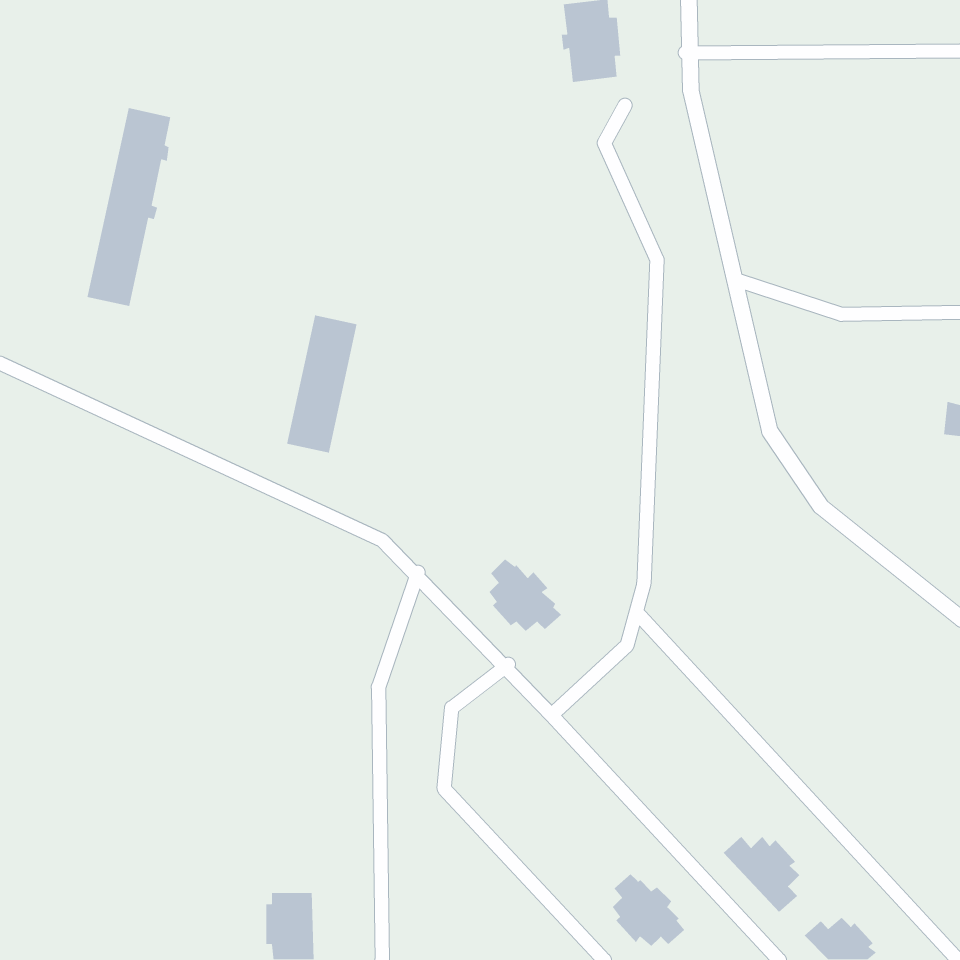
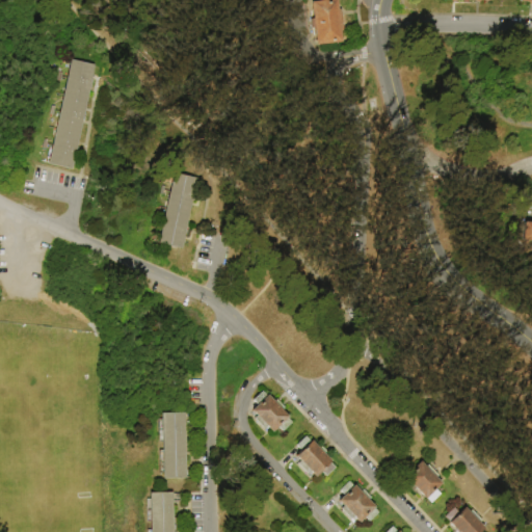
building: [488,558,562,632] -> [252,392,293,432]
building: none -> [159,413,187,479]
building: none -> [295,436,337,477]

